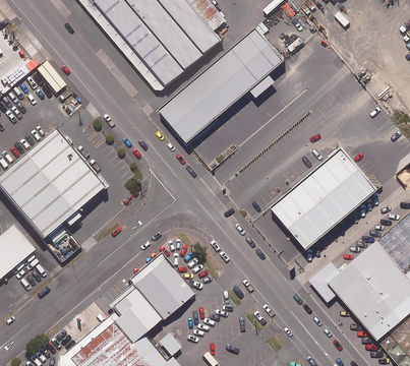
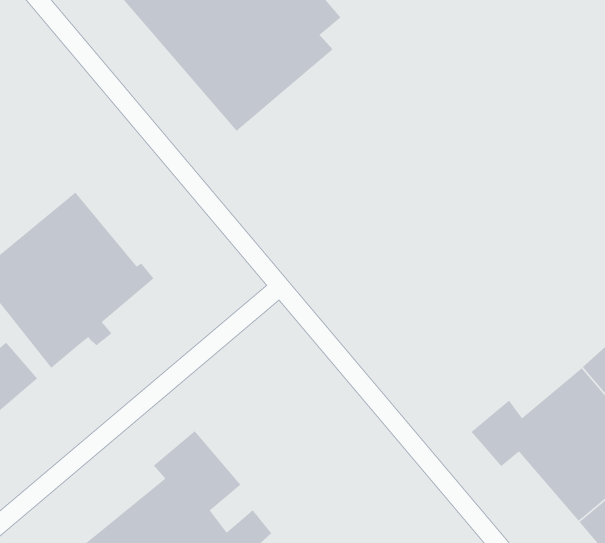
building: [157,27,283,144] -> none
building: [270,150,374,251] -> none
building: [128,250,194,318] -> none

